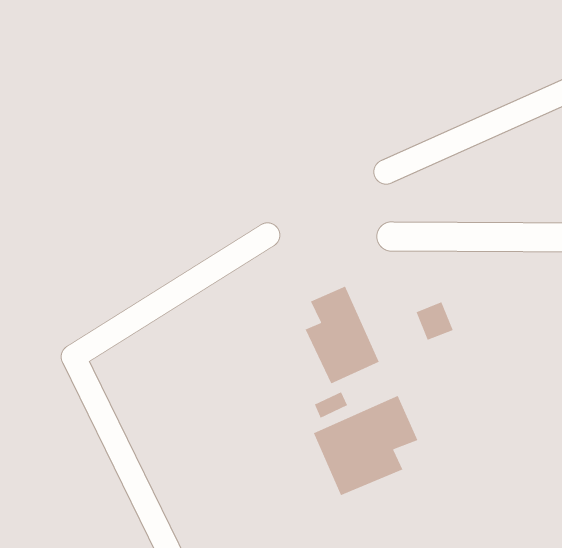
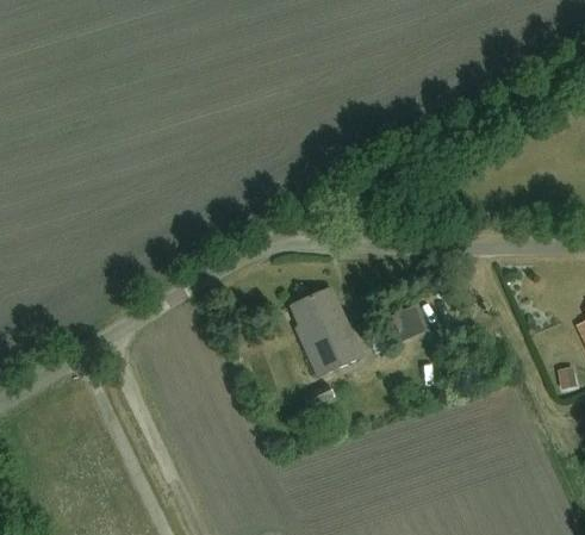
building: [313,395,419,496] -> none

